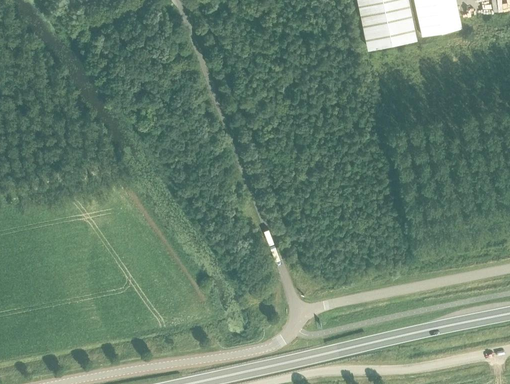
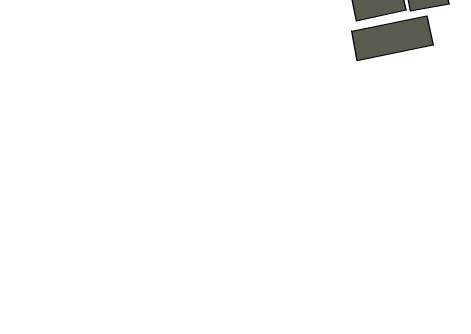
building: none -> [352,16,433,61]

